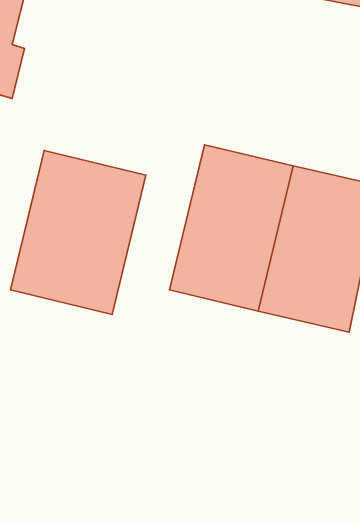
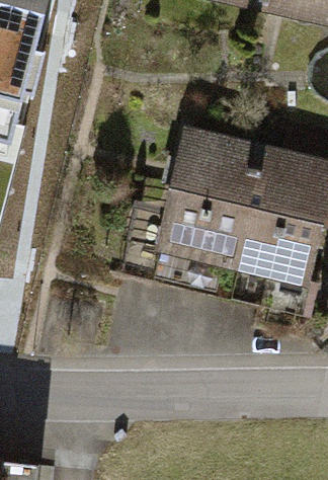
building: [11,150,146,315] -> none

